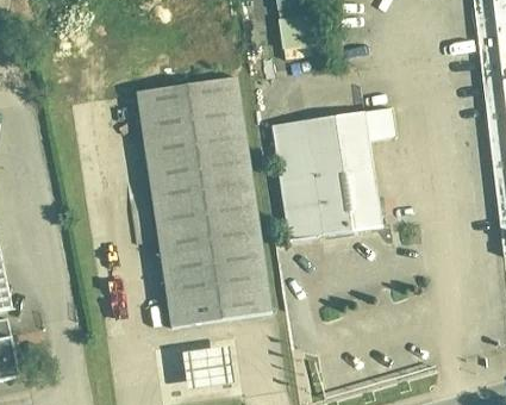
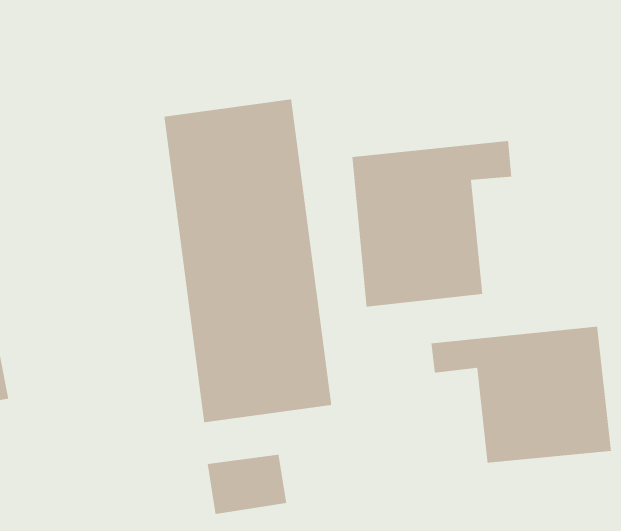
building: none -> [430,326,612,464]

